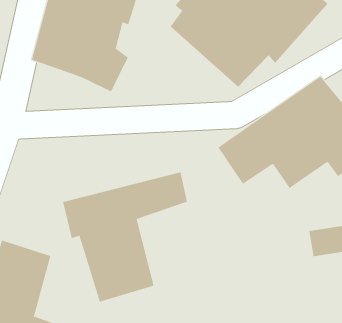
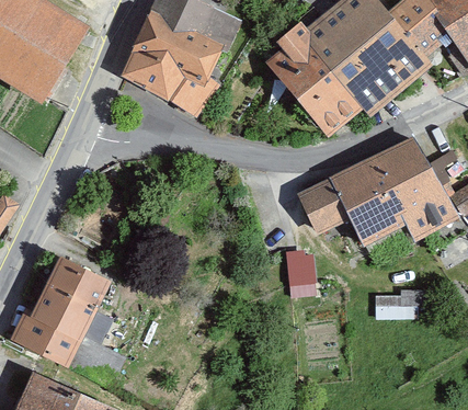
building: [63,171,187,303] -> none
building: none -> [285,253,316,289]

